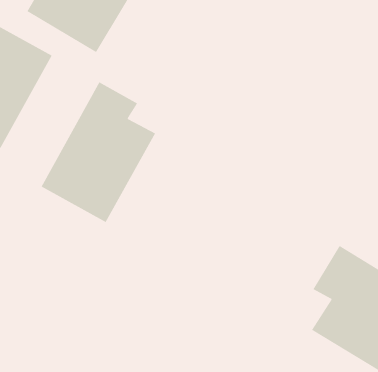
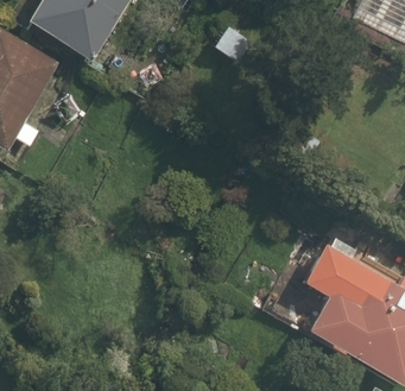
building: [41,81,156,223] -> none

